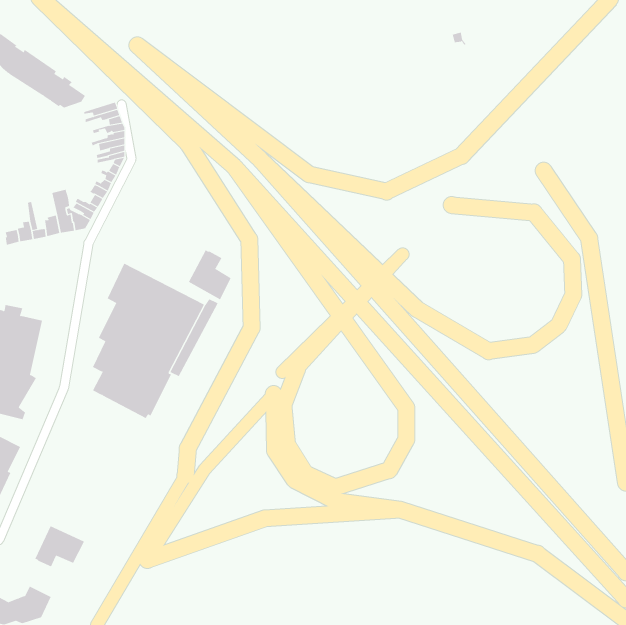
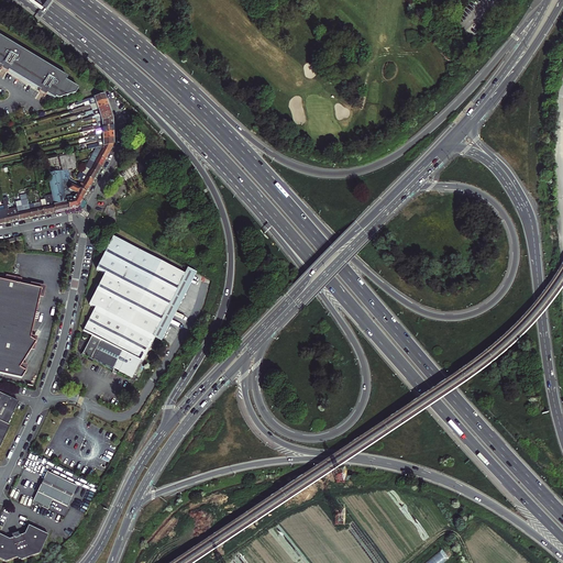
building: [188,249,232,300] -> none

